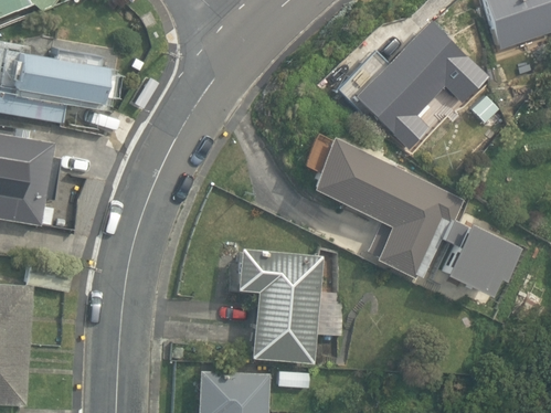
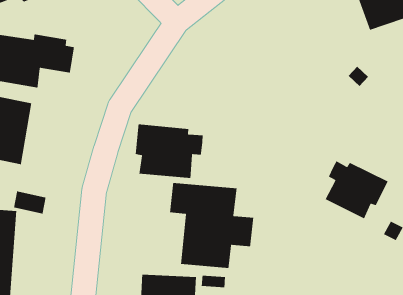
building: [351,19,468,137] -> none
building: [317,140,464,279] -> none
building: none -> [135,123,203,179]

